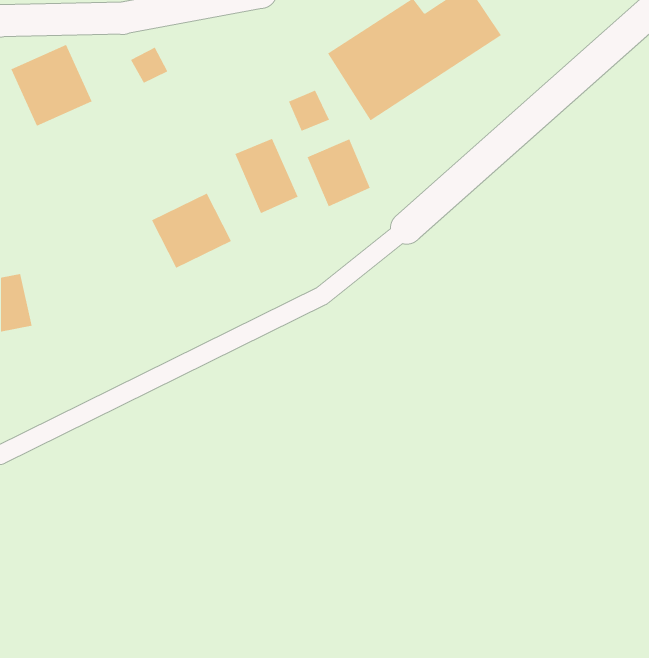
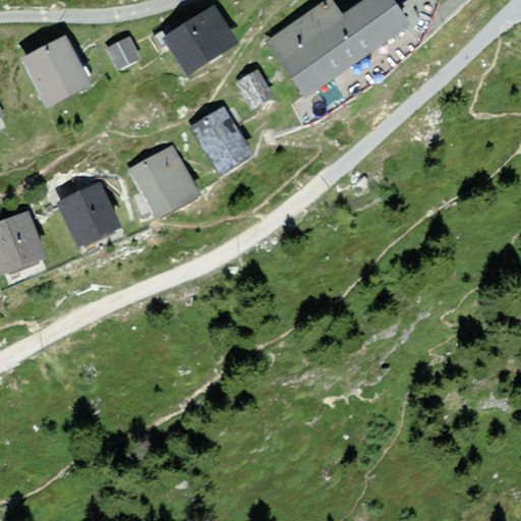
building: none -> [164,7,237,72]
building: [307,138,371,207] -> none
building: none -> [64,190,119,241]

